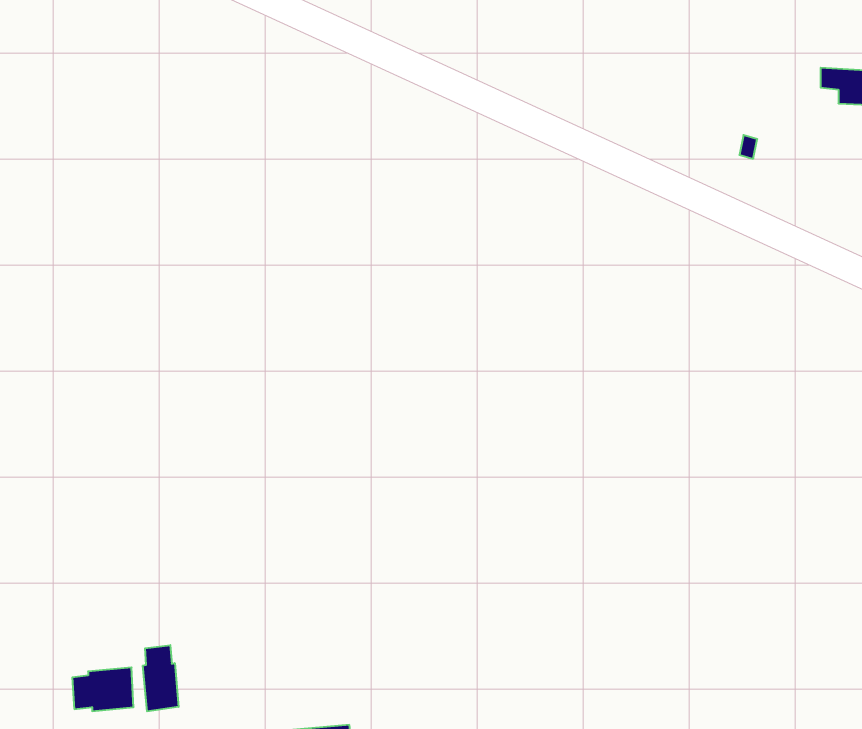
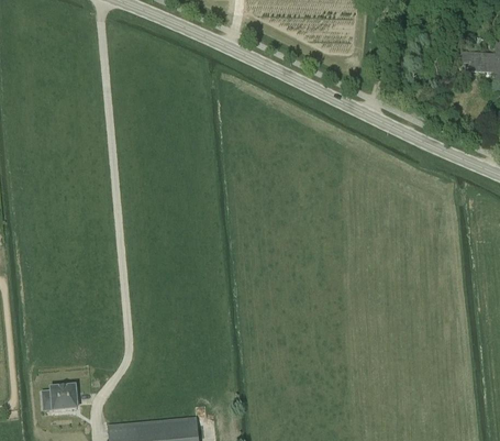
building: [143,645,179,711] -> none

